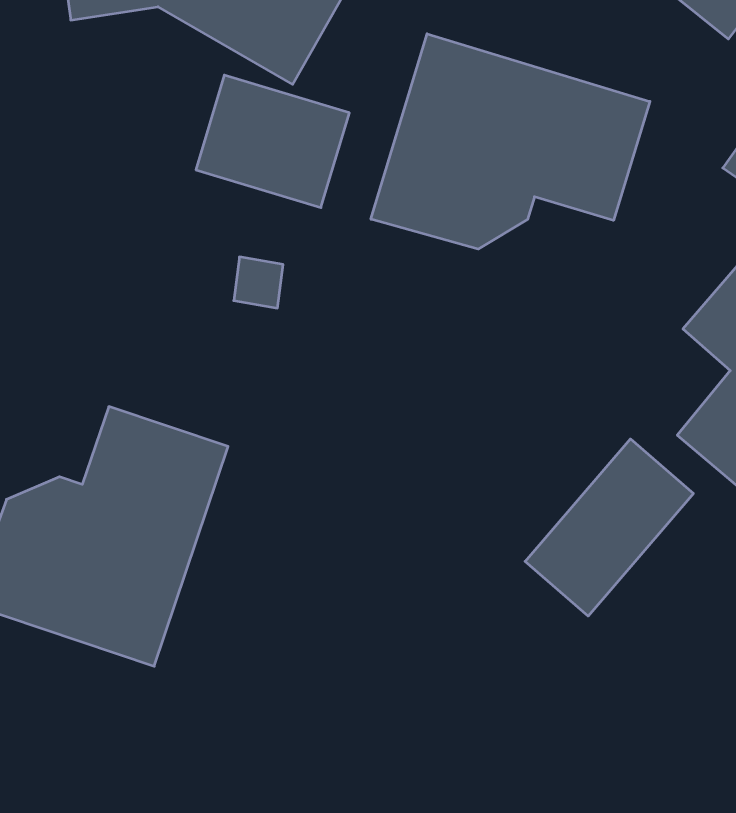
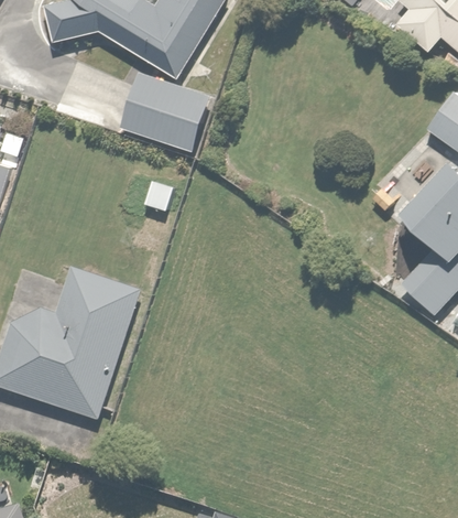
building: [371,34,650,249] -> none
building: [525,439,693,616] -> none

